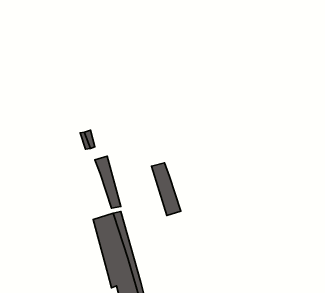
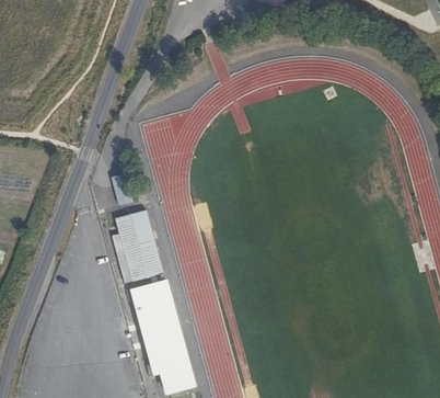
building: [151,163,181,215] -> [115,213,152,280]

